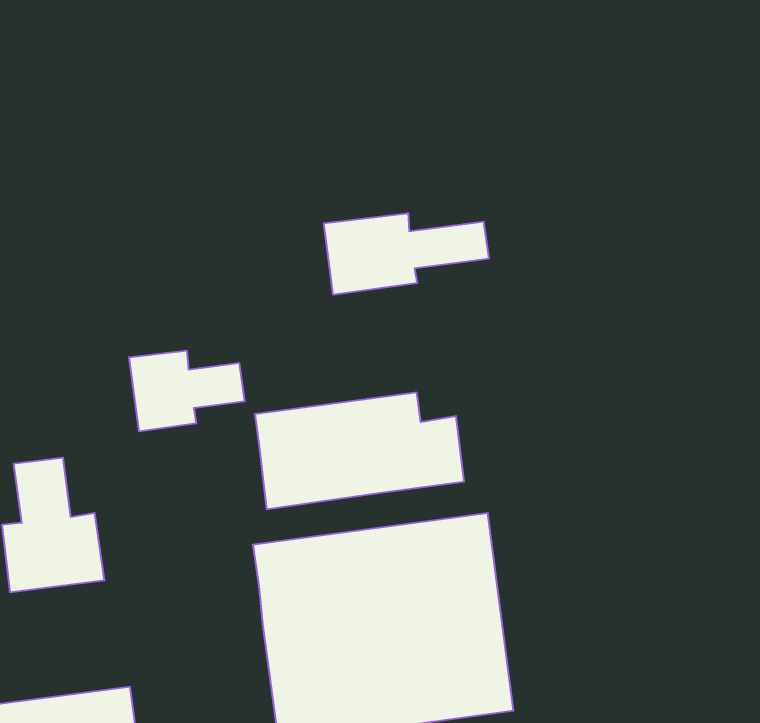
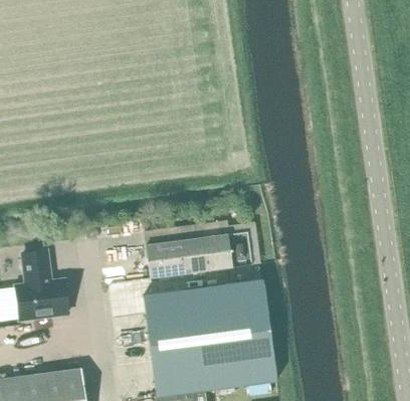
building: [324,213,489,295] -> none
building: [129,351,244,431] -> none

